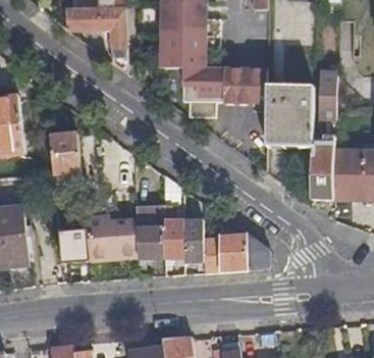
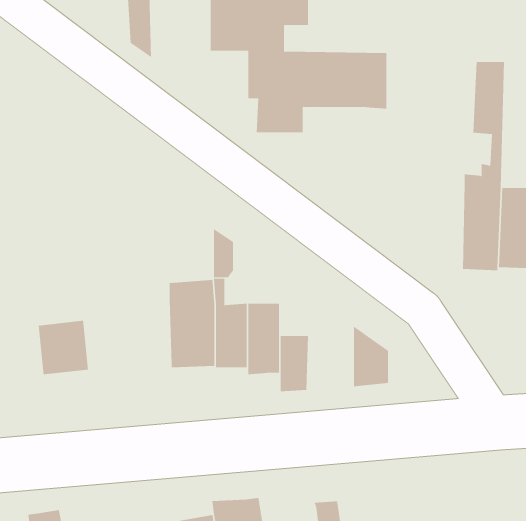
building: [267,85,314,148] -> none
building: [49,133,82,184] -> none
building: [85,214,138,259] -> none
building: [219,233,247,271] -> none

